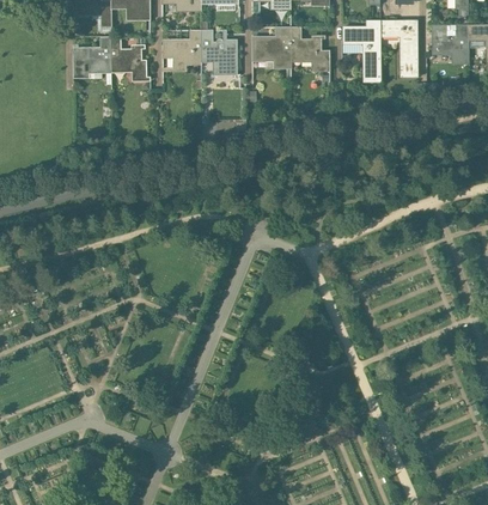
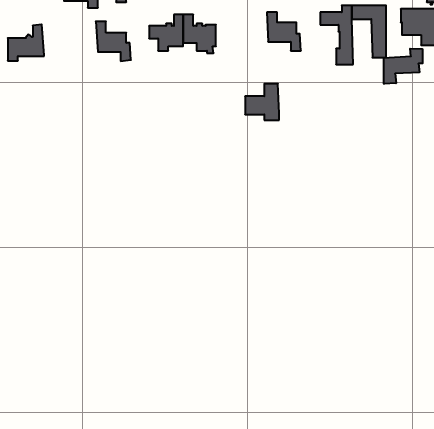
building: [255,28,291,66] -> [245,84,279,120]
building: [73,37,111,75] -> [8,24,44,61]
building: none -> [384,49,423,84]

